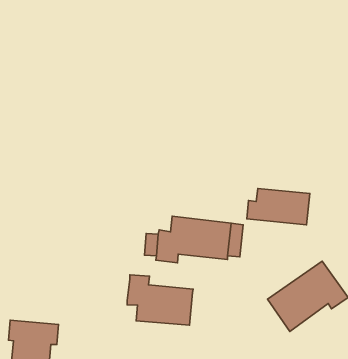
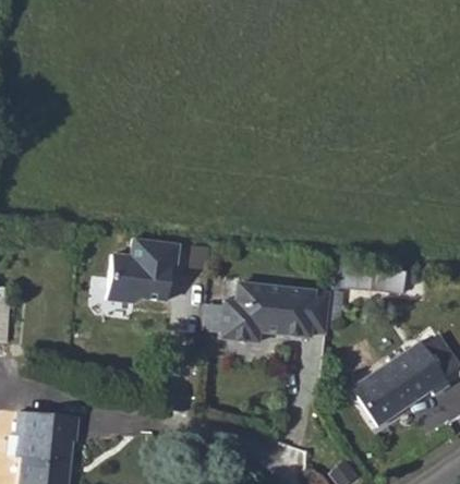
building: none -> [106,237,177,301]
building: [127,275,193,325] -> none

